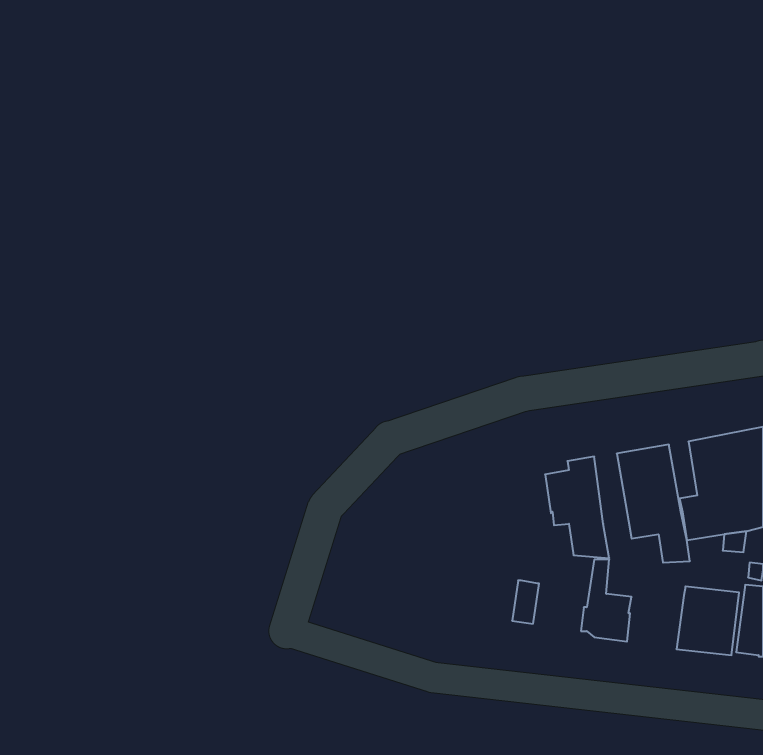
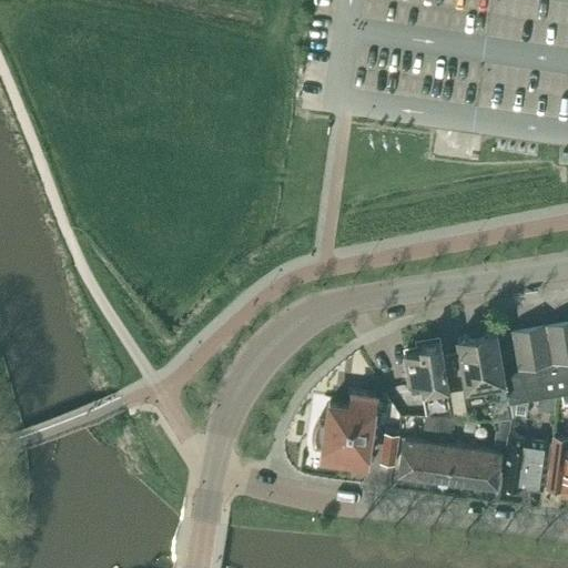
building: none -> [315,396,376,468]
building: none -> [400,419,442,478]
building: none -> [466,424,511,486]

